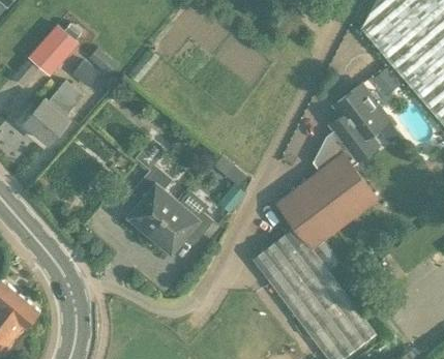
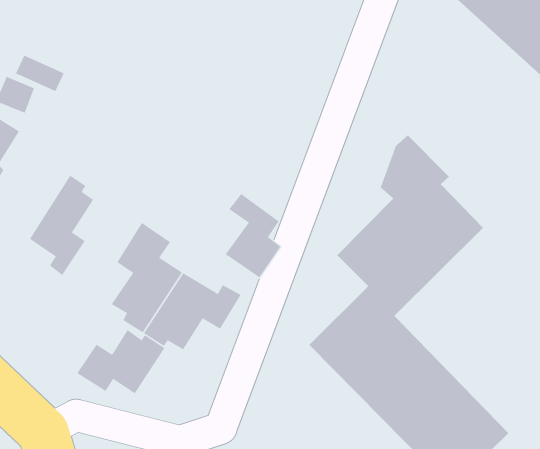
building: [335,84,389,161] -> none
building: none -> [29,175,94,276]
building: none -> [76,329,165,394]

